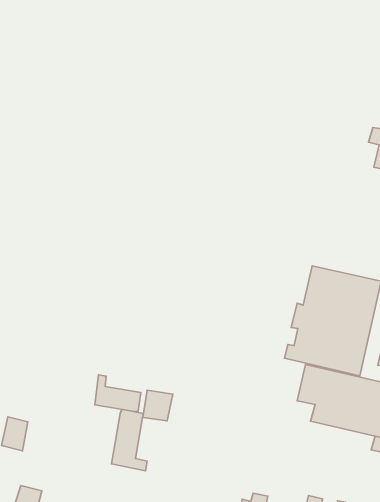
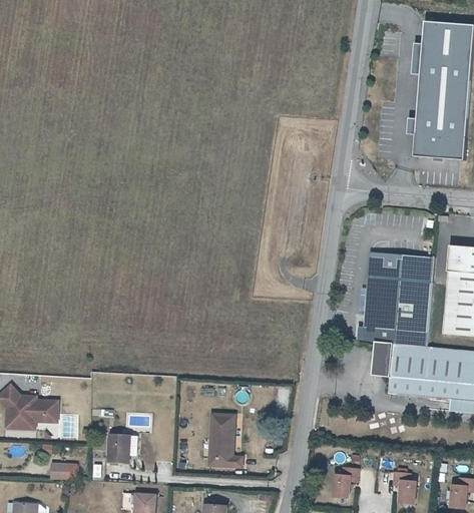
building: [95,375,141,411] -> none
building: [143,390,173,421] -> none

